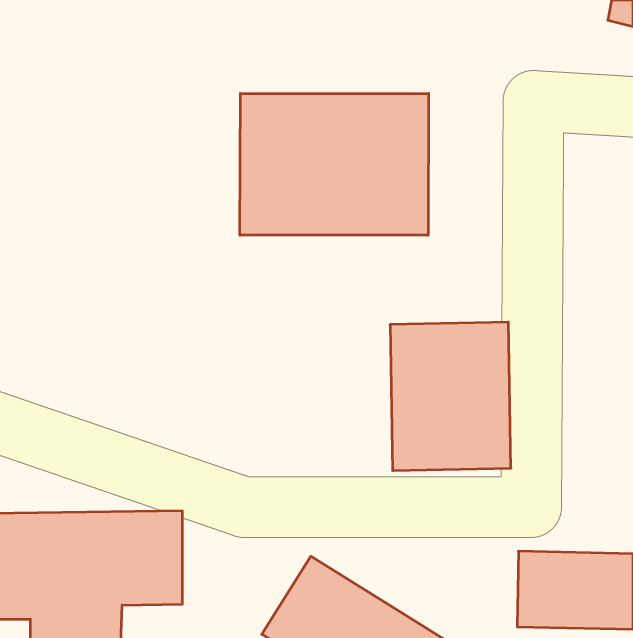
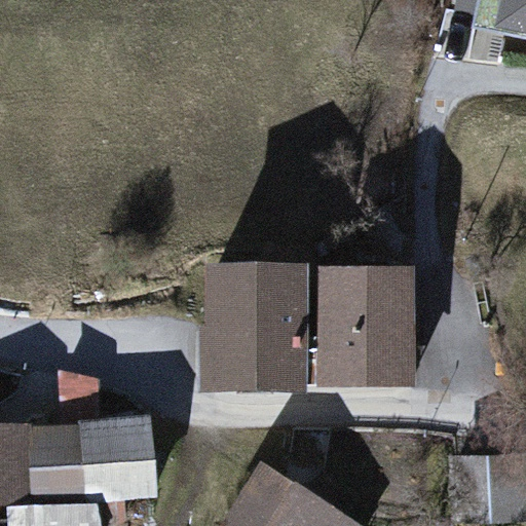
building: [240,93,429,235] -> none
building: none -> [203,264,306,390]

